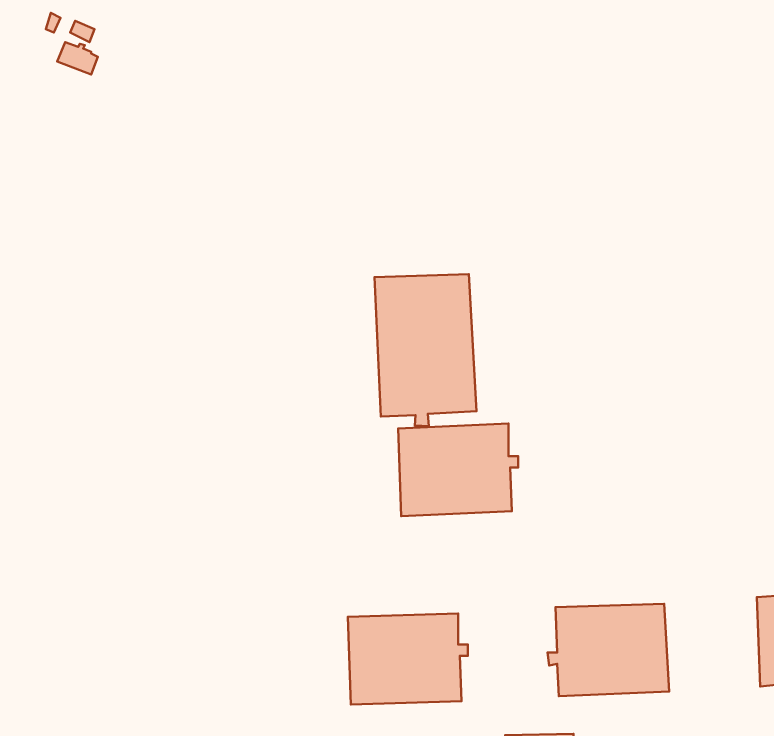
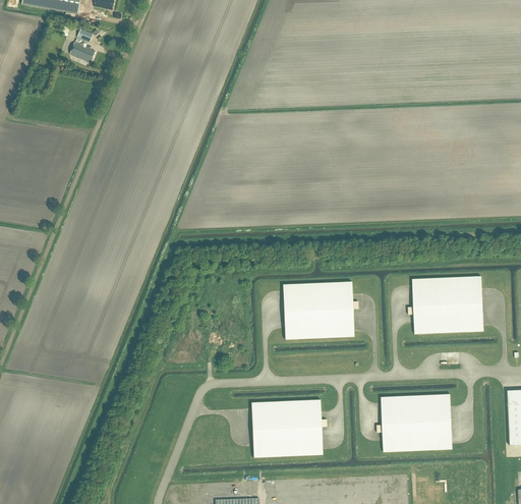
building: [375,274,477,426] -> none
building: none -> [408,276,483,334]

